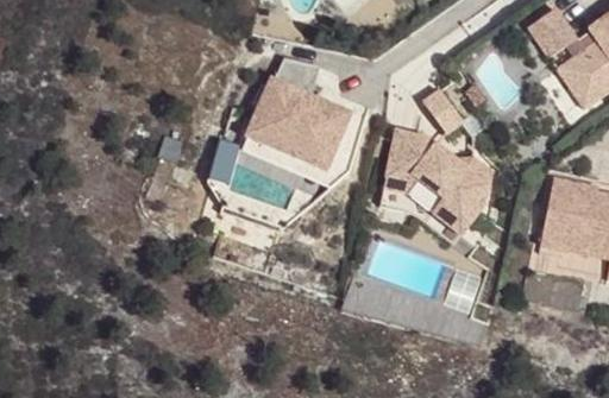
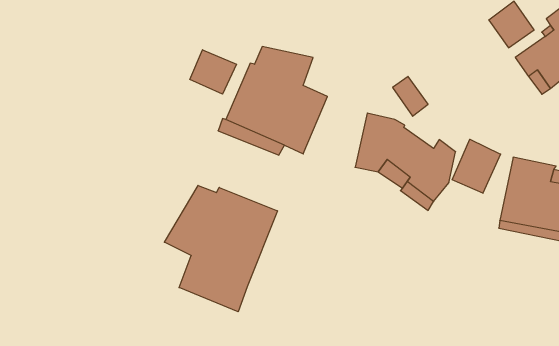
building: none -> [190,50,236,94]
building: none -> [452,139,501,193]
building: none -> [164,185,277,312]

